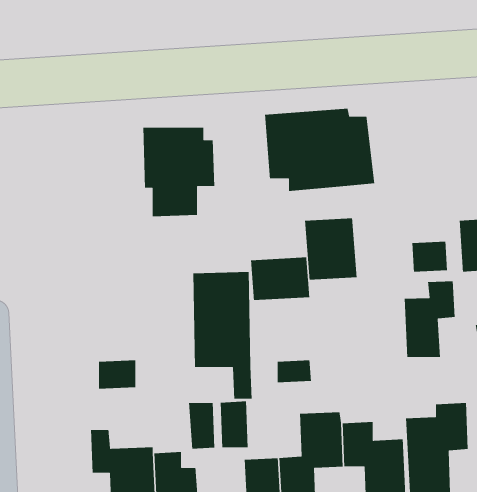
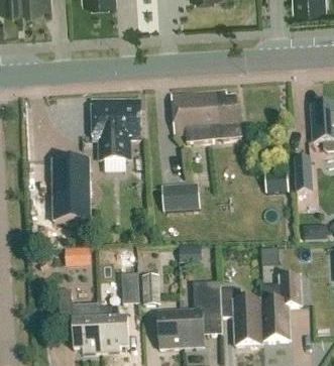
building: [304,217,357,281] -> none
building: [193,271,253,399] -> [53,160,92,242]
building: [404,280,456,358] -> none

